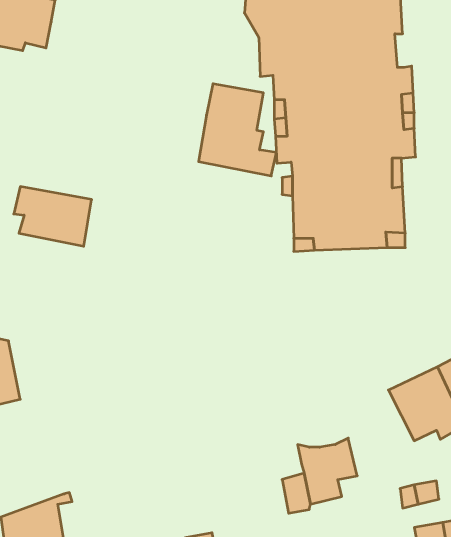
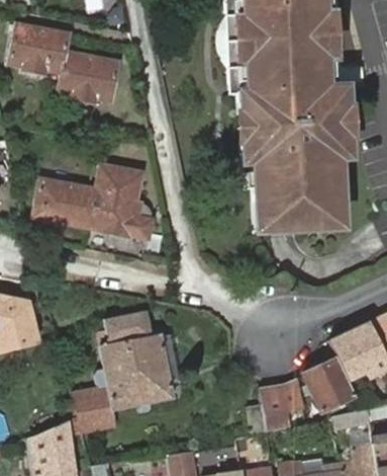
building: none -> [58,52,117,102]
building: [199,84,276,176] -> [91,166,152,238]
building: none -> [74,311,174,433]
building: none -> [304,359,352,411]

